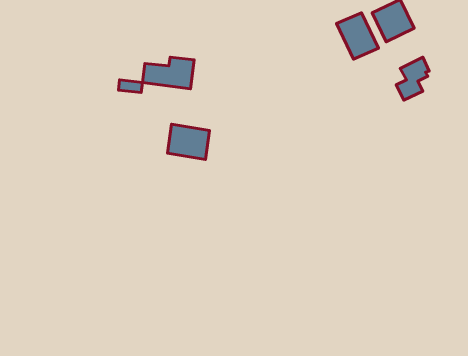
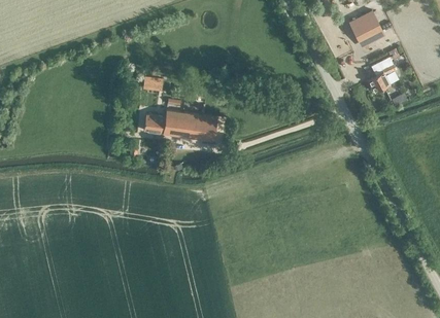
building: [337,13,379,59] -> none
building: [142,57,194,89] -> [143,110,185,136]

